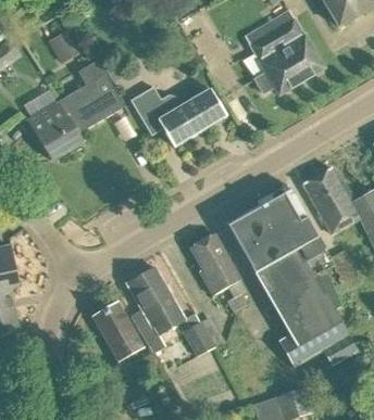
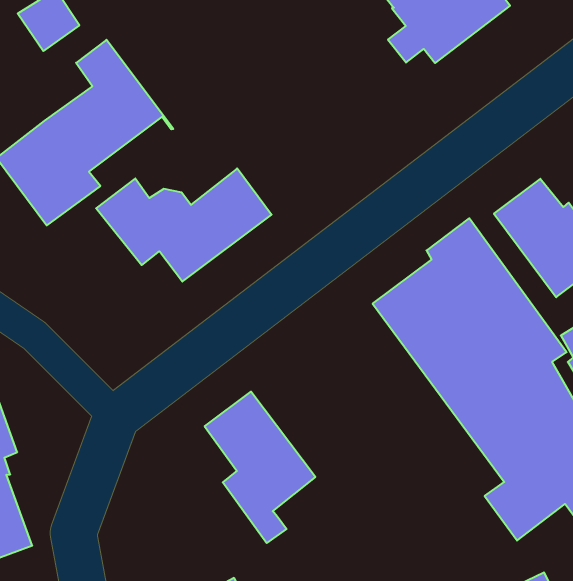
building: [129,86,227,147] -> [96,168,272,282]
building: [190,233,248,311] -> none
building: [92,300,144,361] -> none
building: [183,320,215,356] -> none

